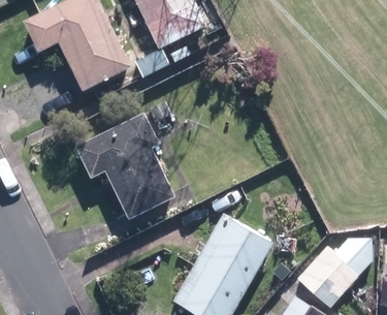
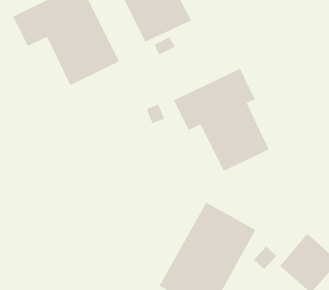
building: [76,114,175,220] -> [173,68,269,171]

